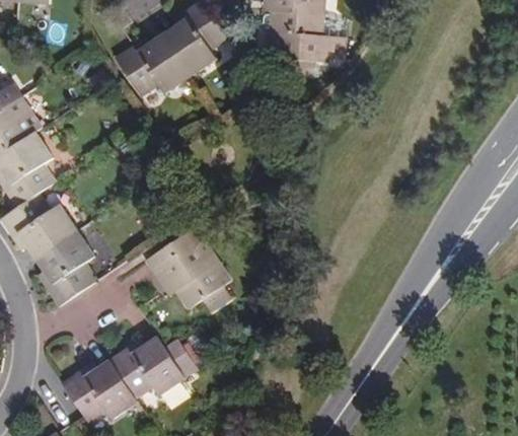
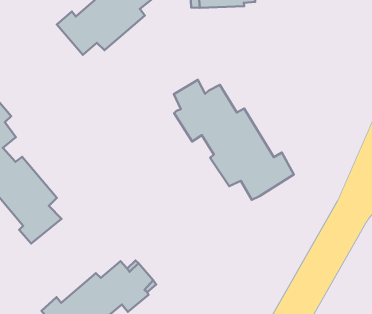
building: none -> [174,80,294,200]
building: [146,224,230,307] -> none

